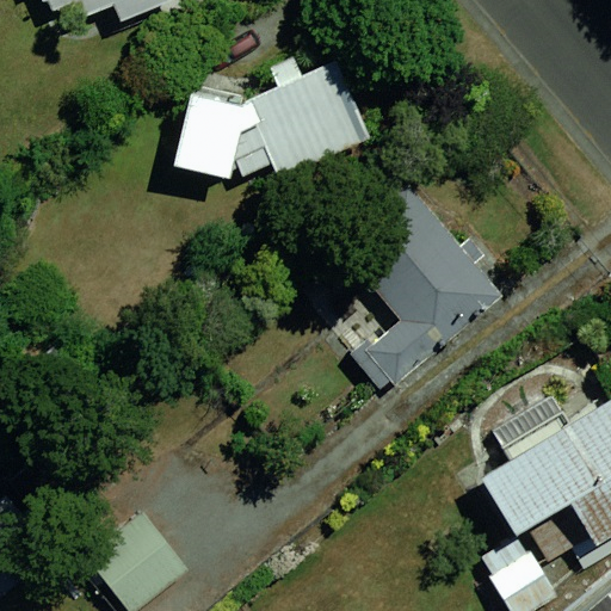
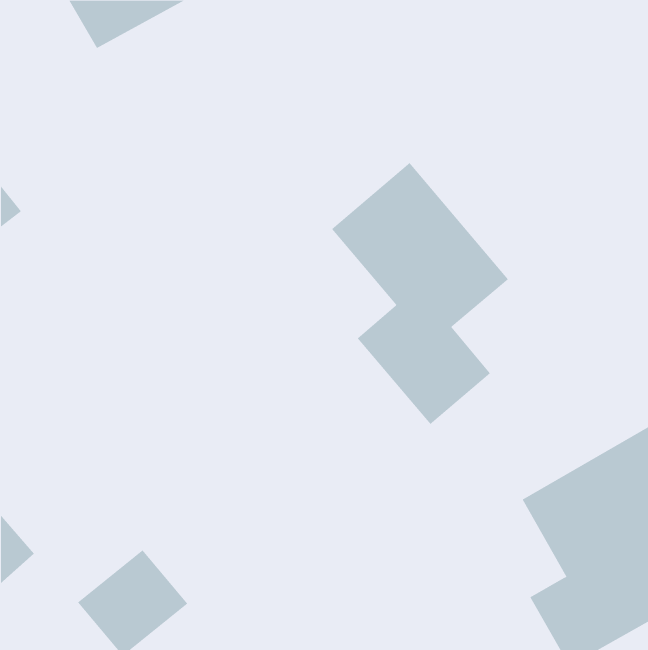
building: [175,50,393,177] -> none

